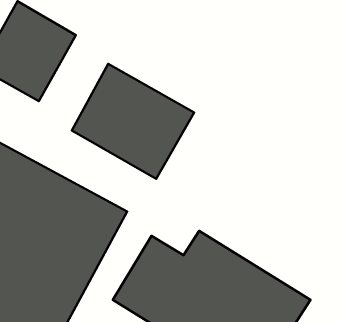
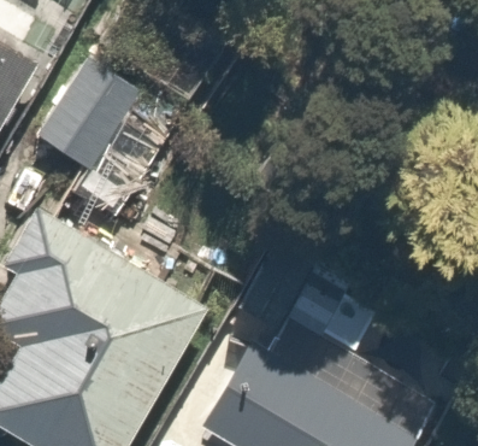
building: [72,64,194,179] -> none

